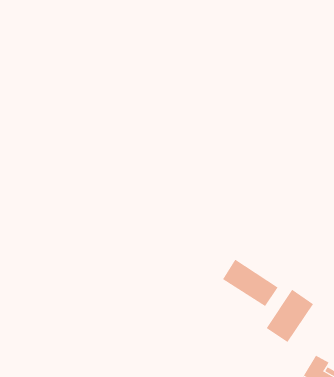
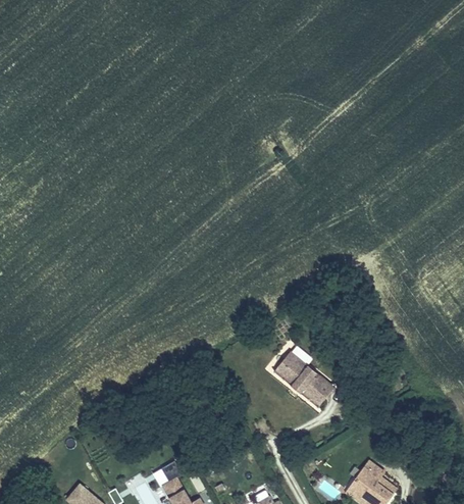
building: [266,289,314,343] -> none

